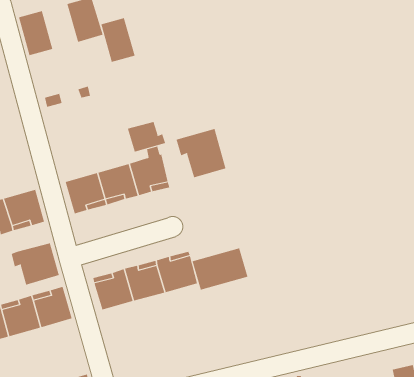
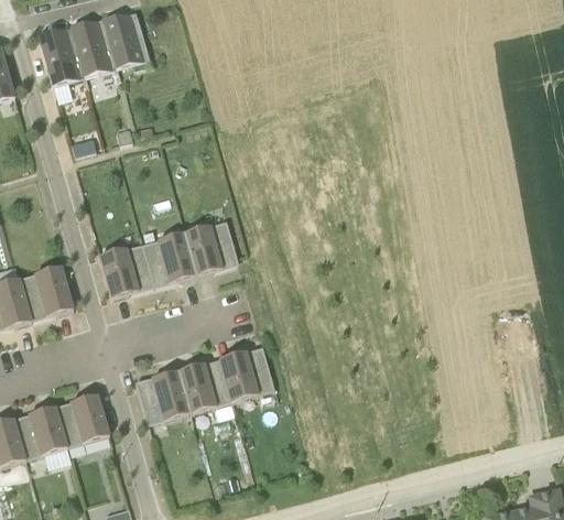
building: [100,17,135,63] -> [69,20,116,79]
building: [127,121,166,152] -> none
building: [176,128,226,178] -> none
building: [11,243,59,286] -> none
building: [192,247,248,291] -> none

